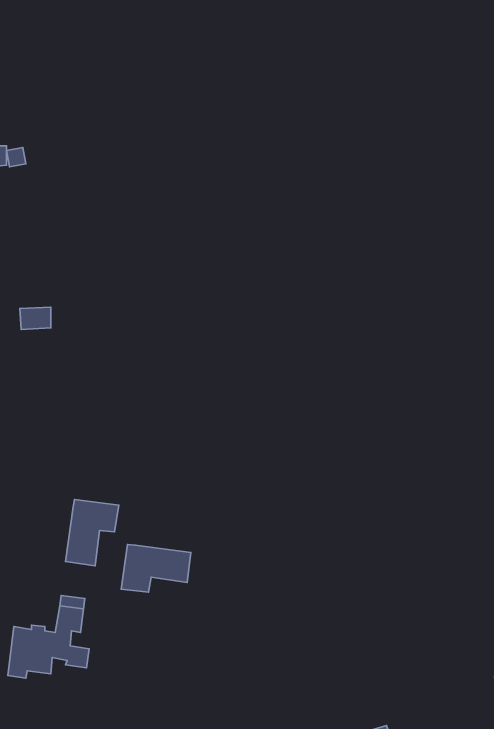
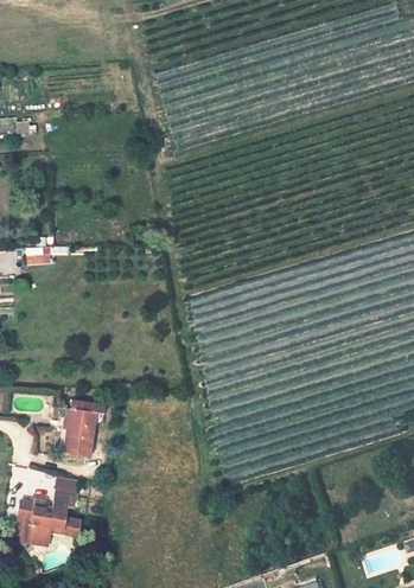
building: [121,544,191,592] -> none

